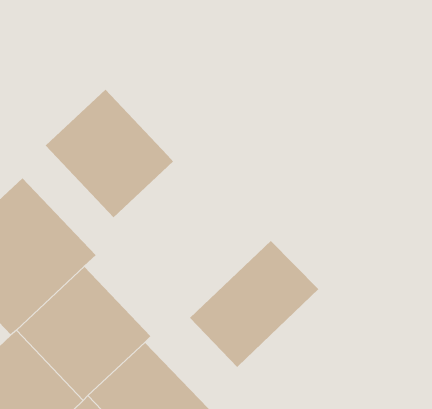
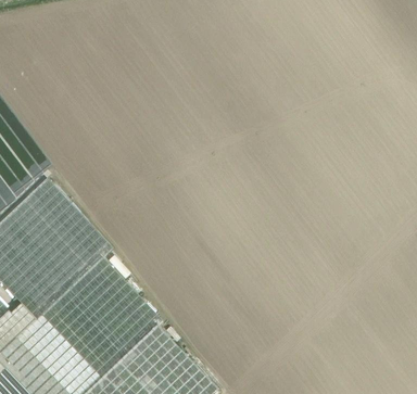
building: [45,89,174,218] -> none
building: [189,240,319,368] -> none

